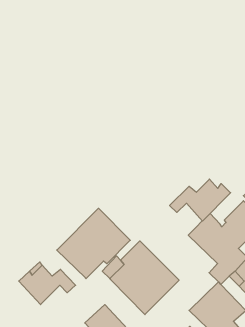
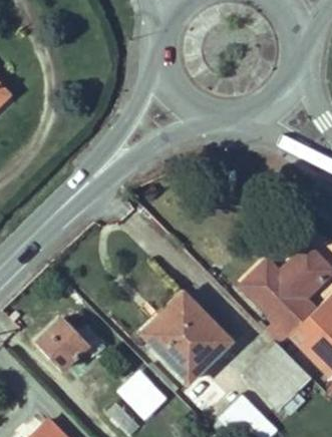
building: [170,179,231,221] -> none
building: [57,208,130,279] -> none

